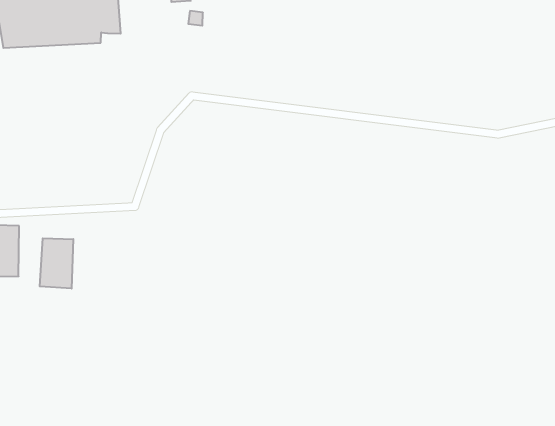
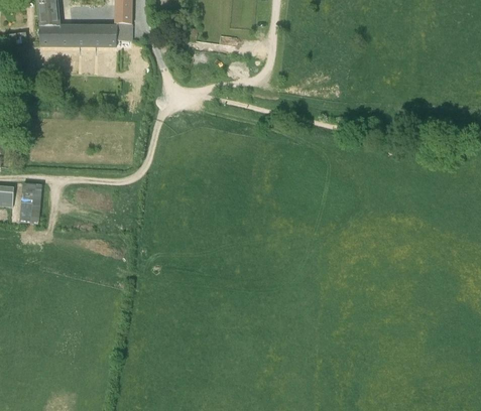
building: [40,238,73,289] -> none

